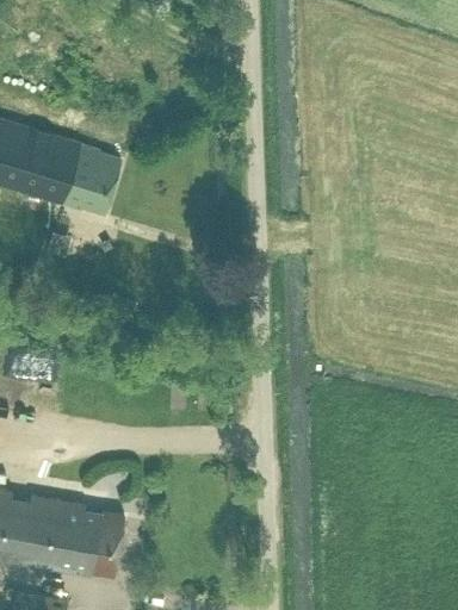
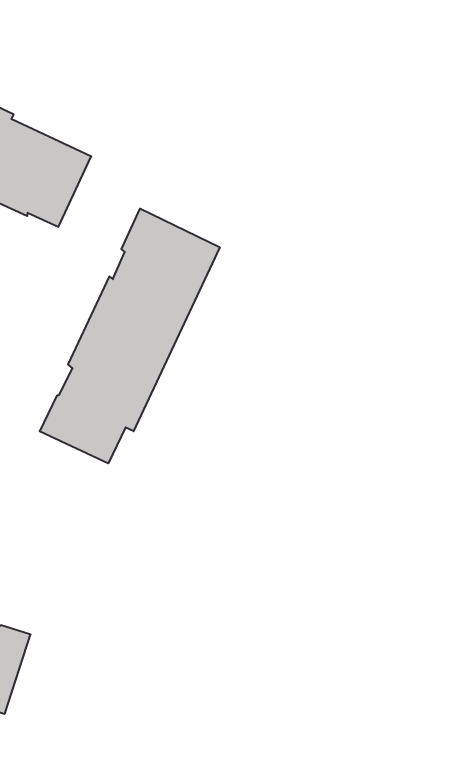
building: none -> [40,209,220,463]

